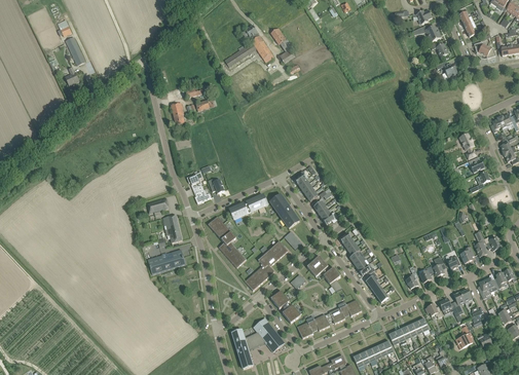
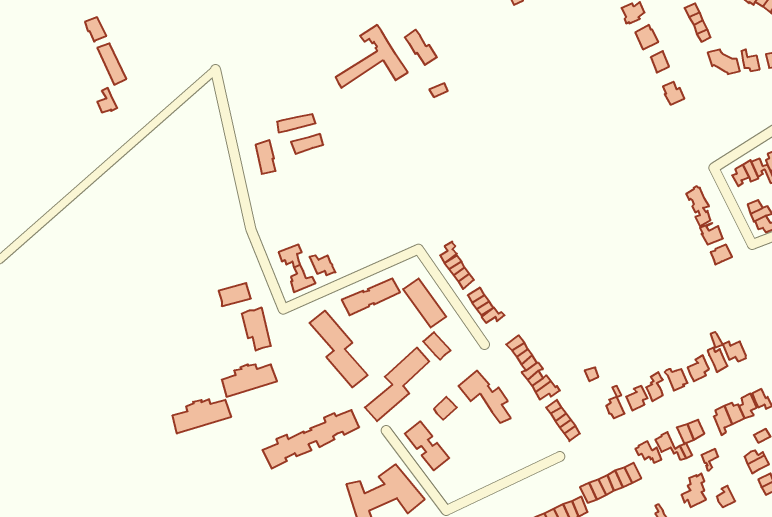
building: none -> [173,399,231,434]
building: [297,299,362,338] -> [262,410,359,469]

